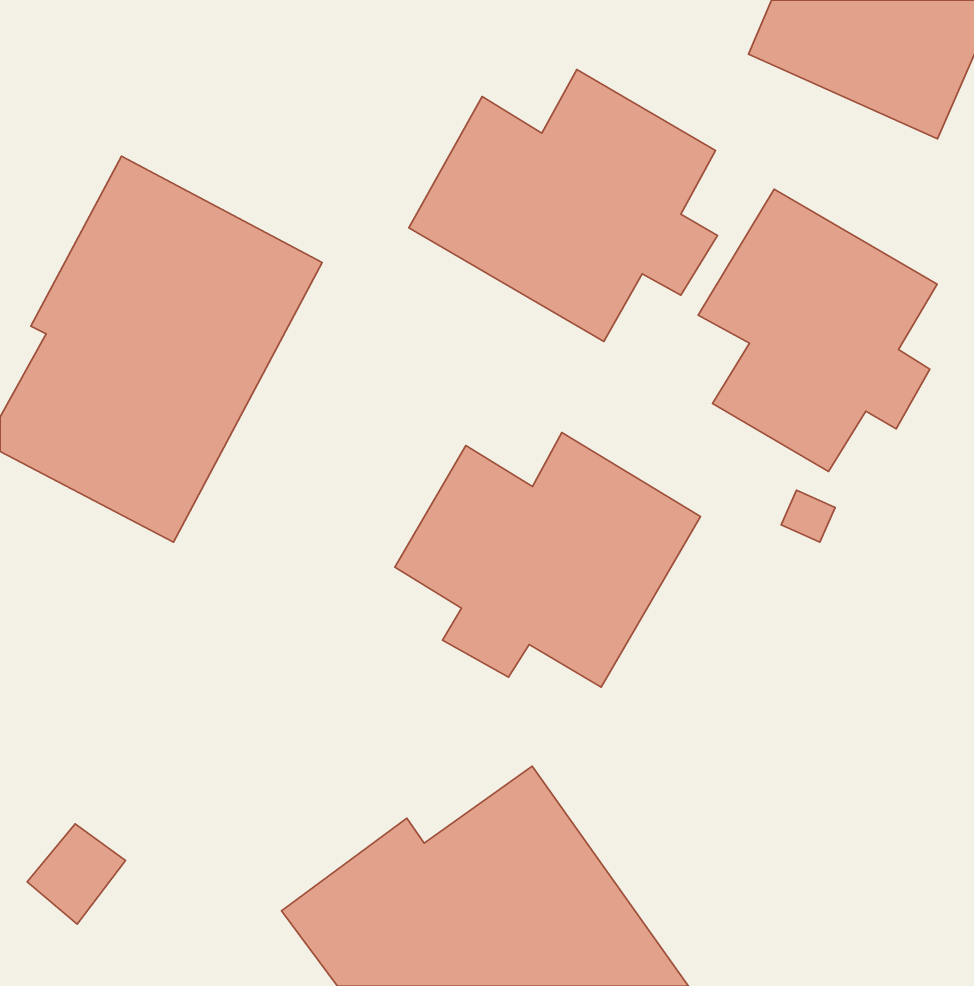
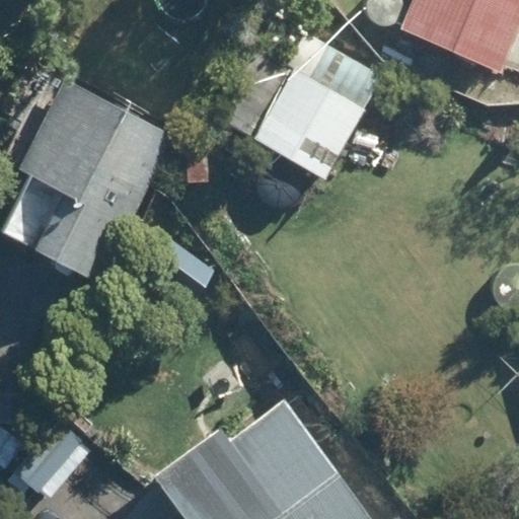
building: [698,189,937,471] -> none
building: [395,433,701,687] -> none

